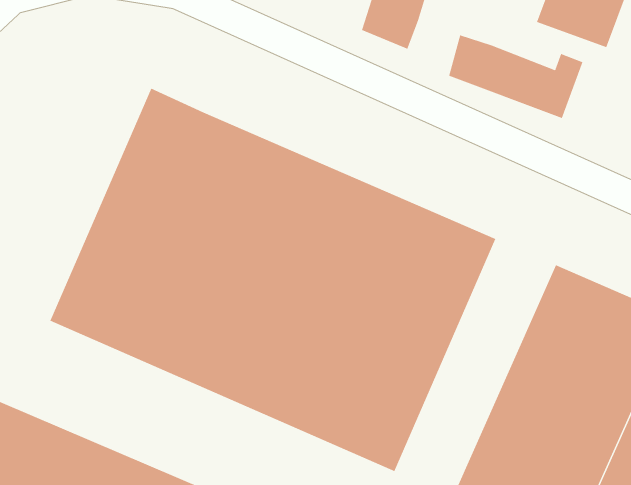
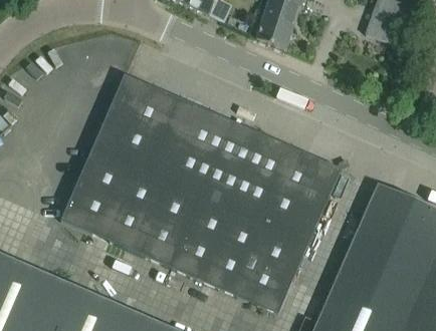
building: [449,34,583,119] -> none

